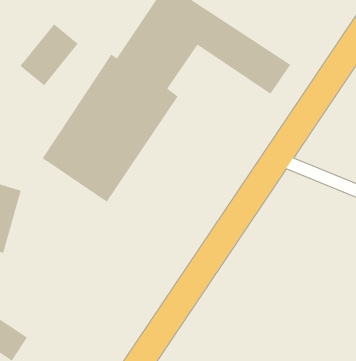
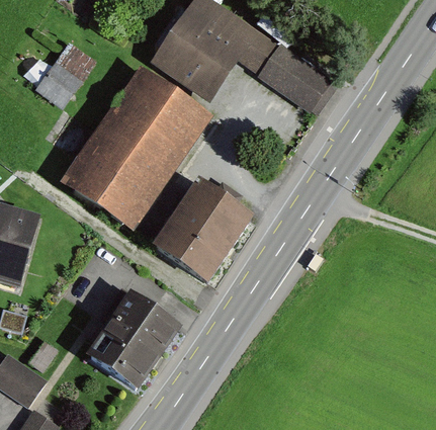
building: none -> [154,178,250,277]
building: none -> [81,289,181,391]

